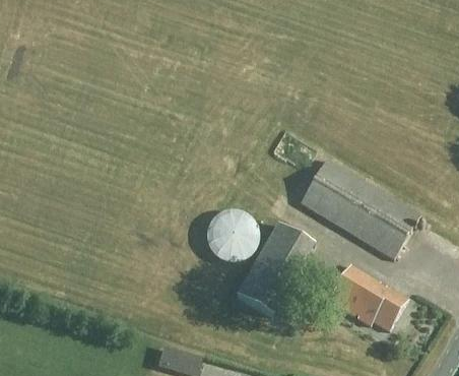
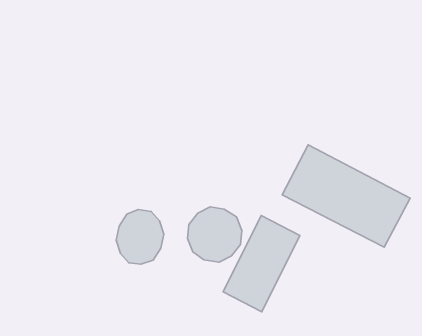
building: none -> [116,210,164,264]
building: [330,266,406,328] -> none

